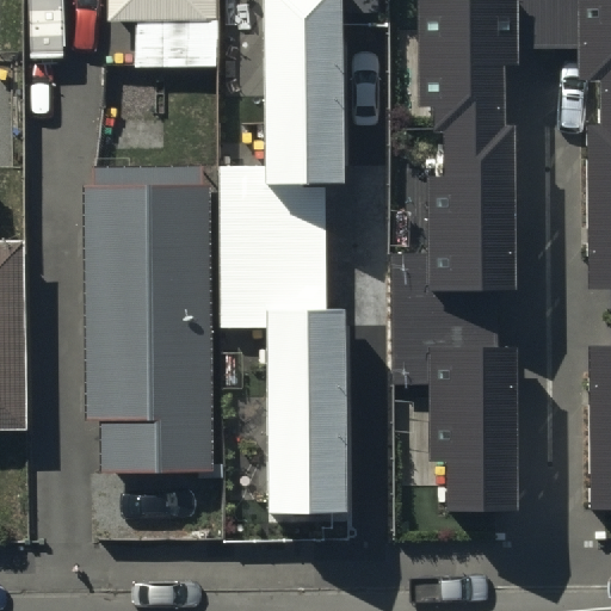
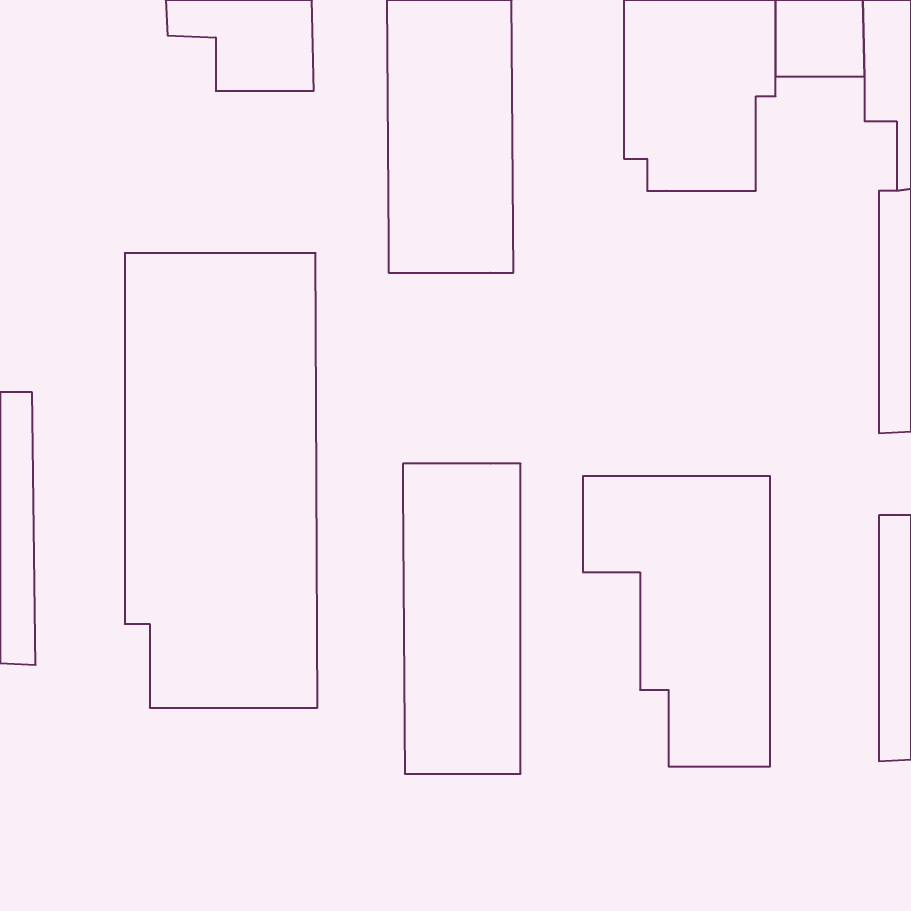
building: [390,128,517,319] -> none
building: [220,162,328,328] -> none

